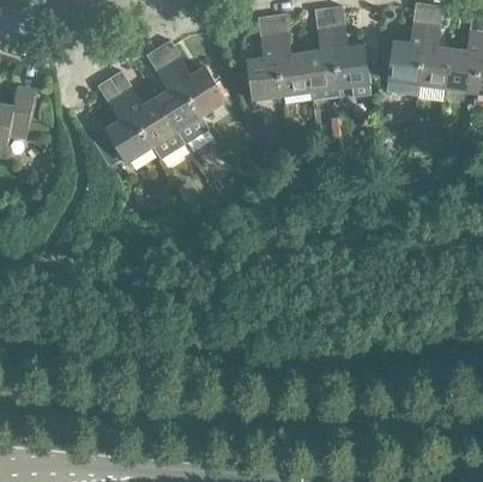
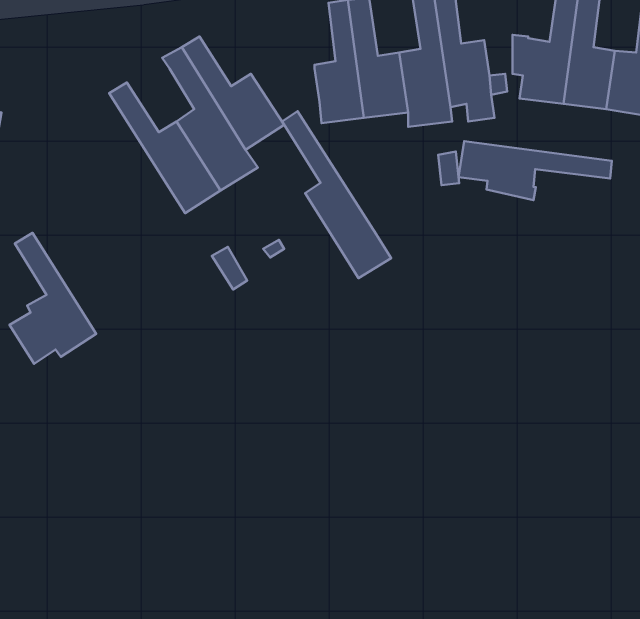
building: [93,78,152,167] -> [9,233,96,364]
building: none -> [282,111,391,278]
building: none -> [459,141,612,200]

